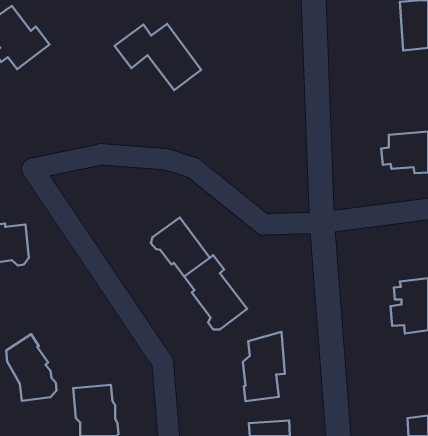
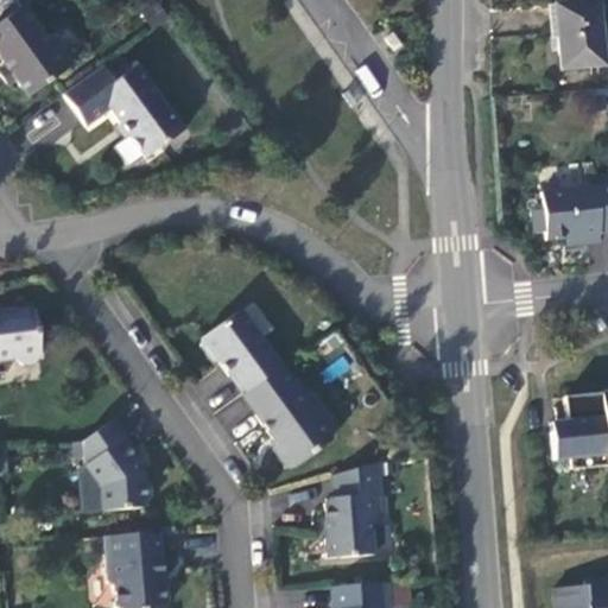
building: [114,24,201,90] -> [58,65,179,158]
building: [6,334,57,401] -> [78,422,148,514]

